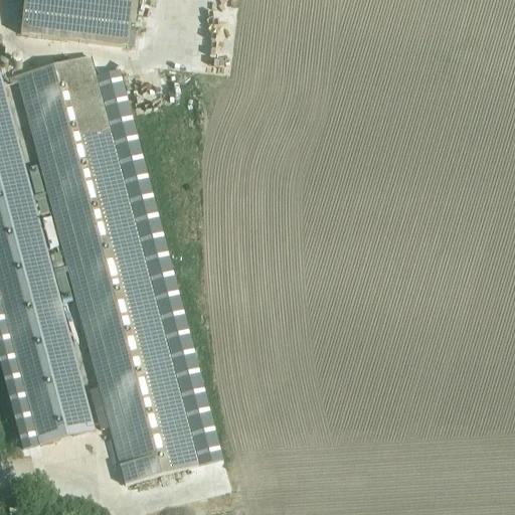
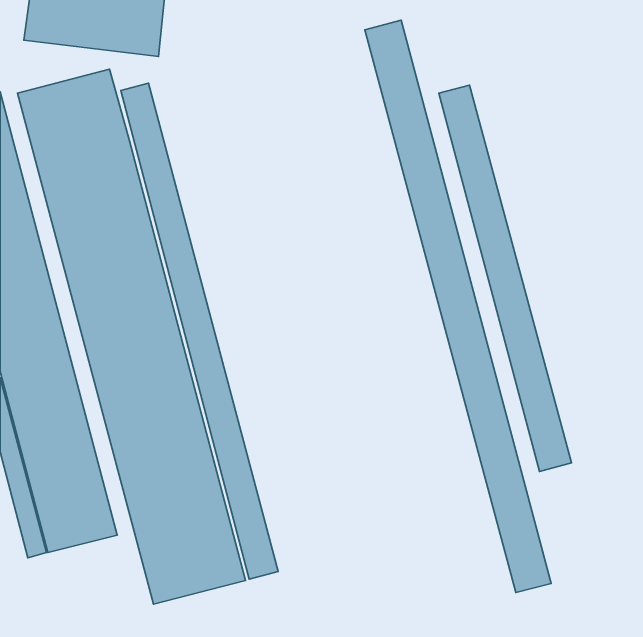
building: none -> [365,20,551,593]
building: none -> [439,85,571,471]

